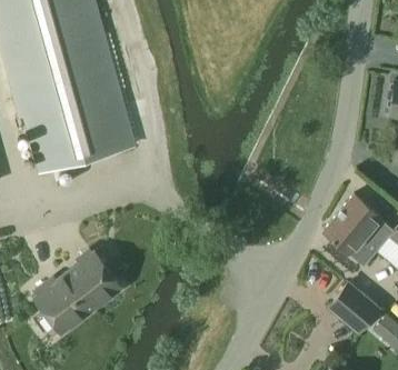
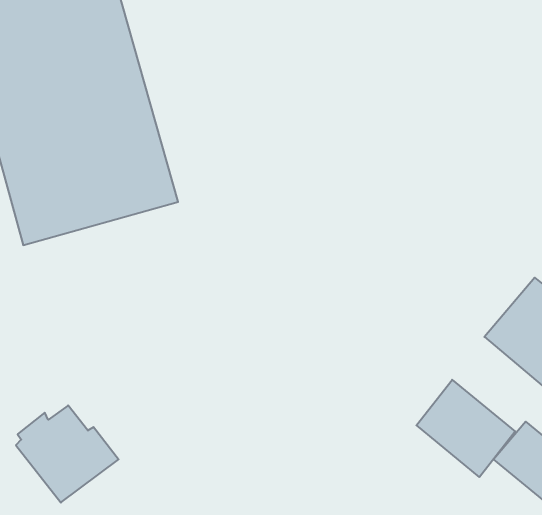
building: [66,250,121,308] -> none
building: none -> [416,380,515,477]

